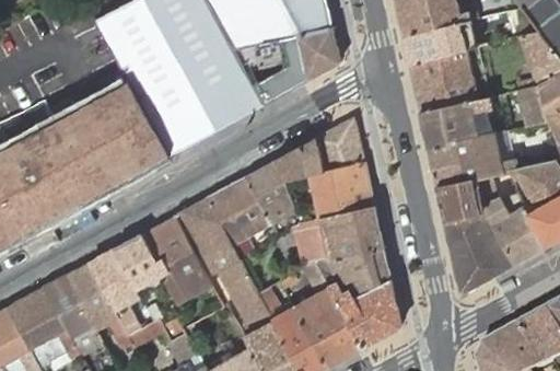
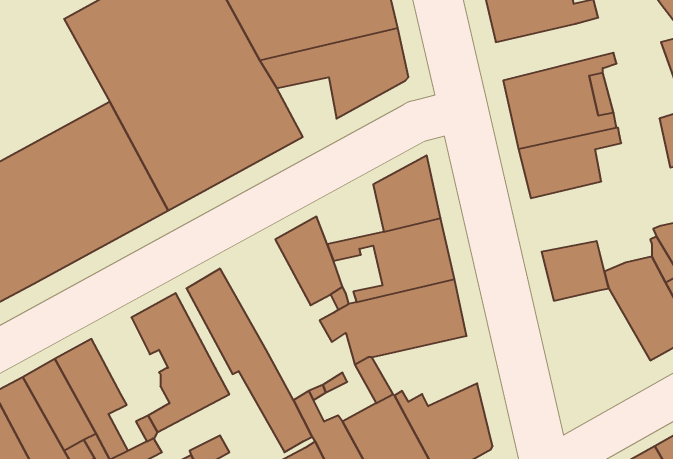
building: [402,23,487,63] -> none
building: [428,132,521,186] -> none
building: [275,138,323,181] -> none
building: [206,177,270,256] -> none
building: [444,212,513,292] -> none
building: [114,233,168,288] -> none
building: [324,246,389,297] -> none

